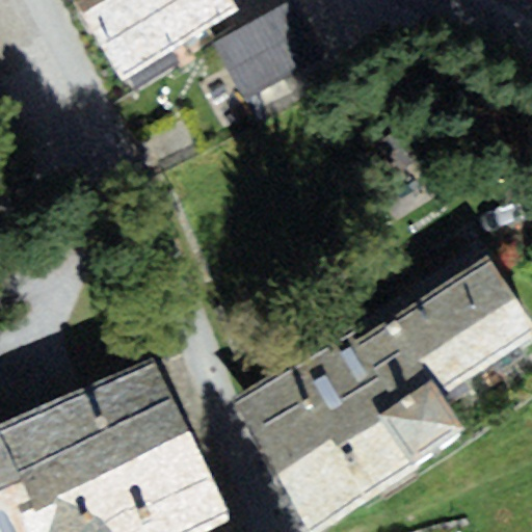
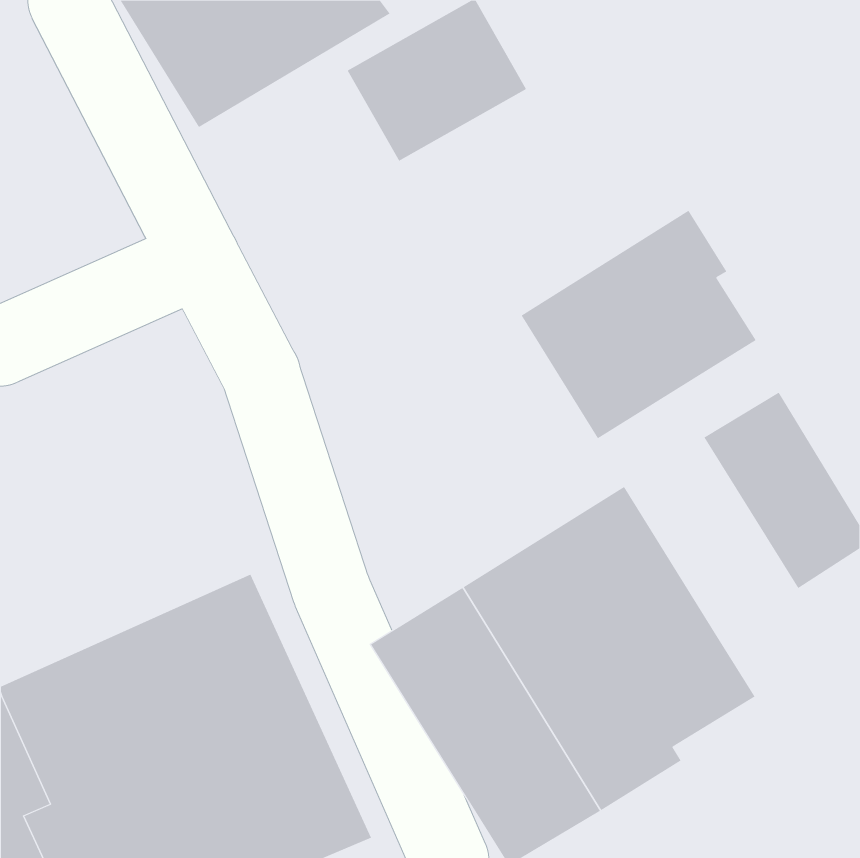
building: none -> [521,210,757,439]
building: [385,271,493,395] -> none

